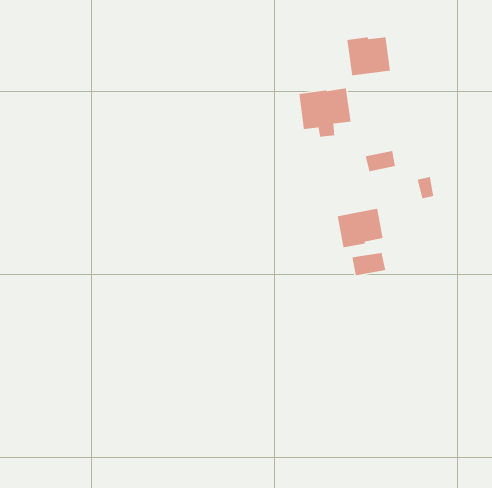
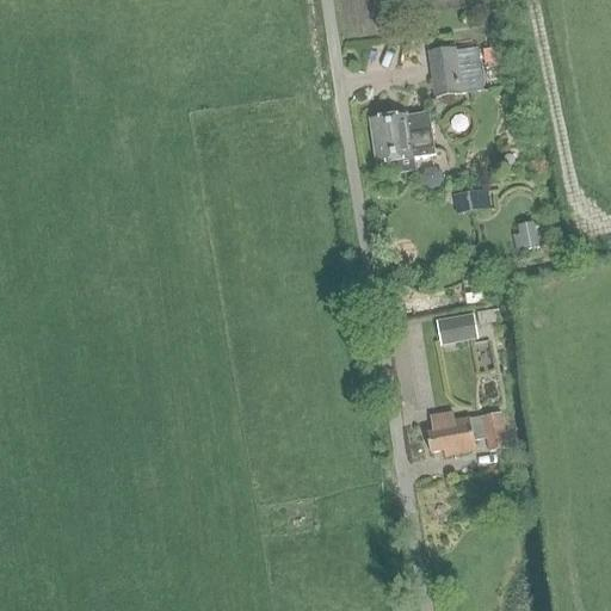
building: [337,208,383,248] -> none
building: none -> [425,411,506,456]

